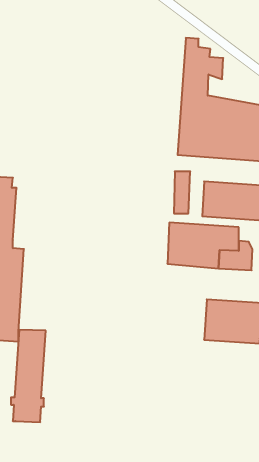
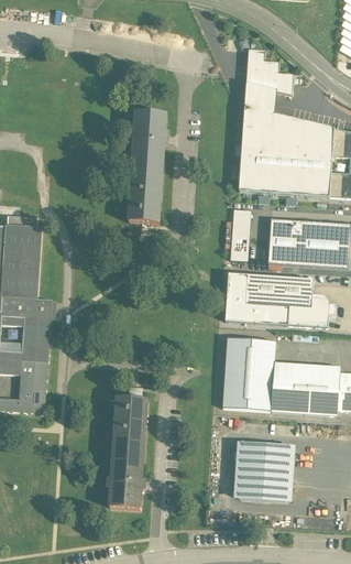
building: none -> [128,111,167,223]
building: none -> [222,335,276,411]
building: [11,330,46,422] -> [106,398,147,509]
building: none -> [239,442,288,501]

